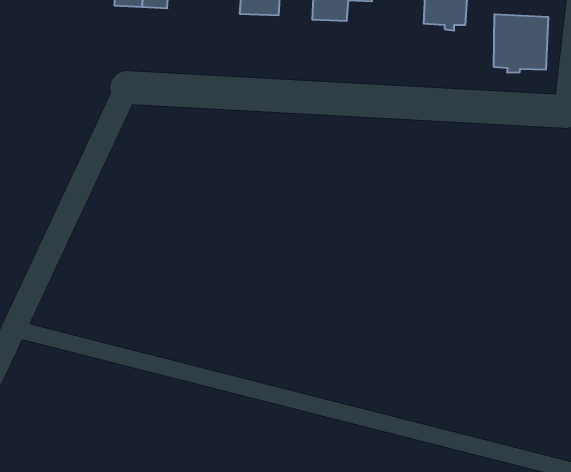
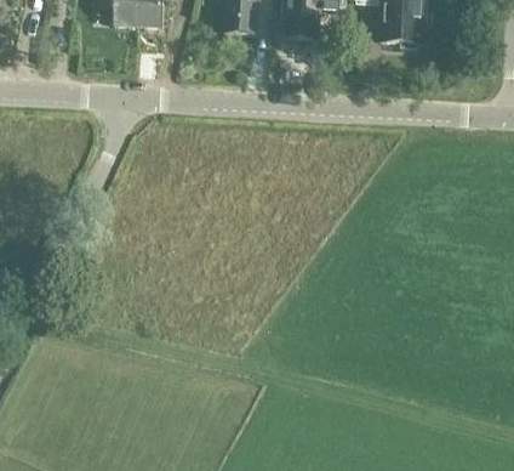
building: [494,14,548,73] -> none

